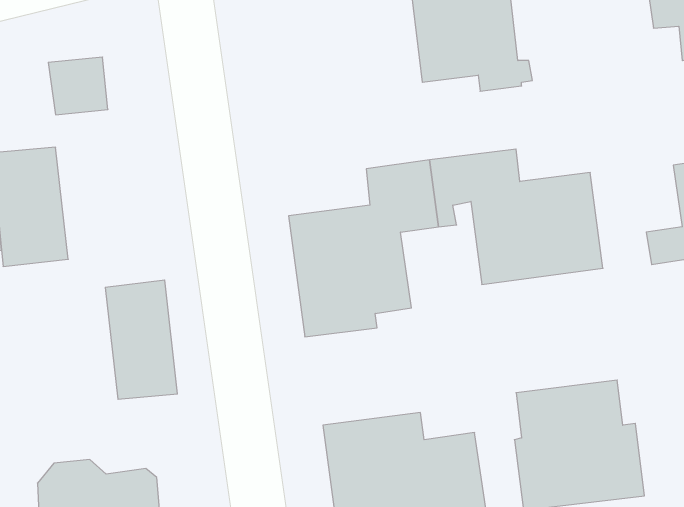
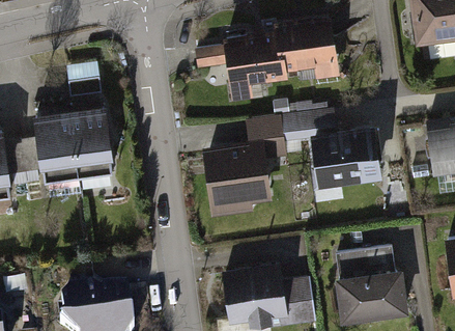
building: none -> [194,30,282,104]
building: [105,280,177,399] -> [70,106,112,174]

